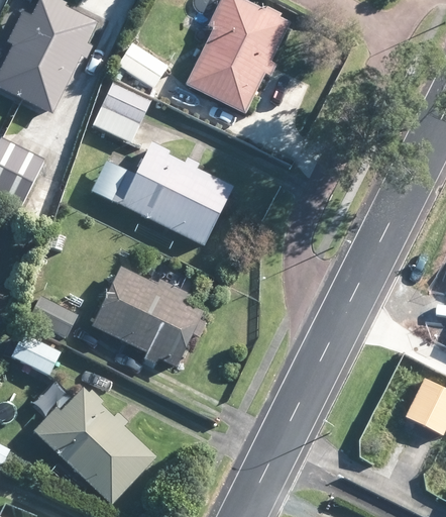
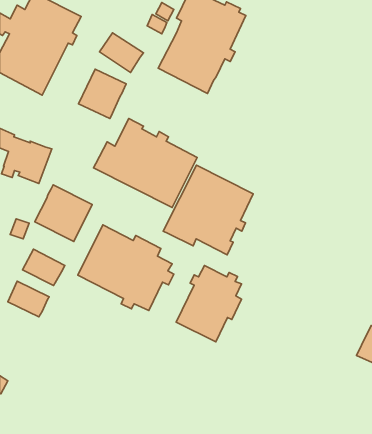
building: none -> [163,165,253,255]
building: none -> [35,185,92,241]
building: none -> [176,265,242,342]
building: [32,384,154,503] -> none

